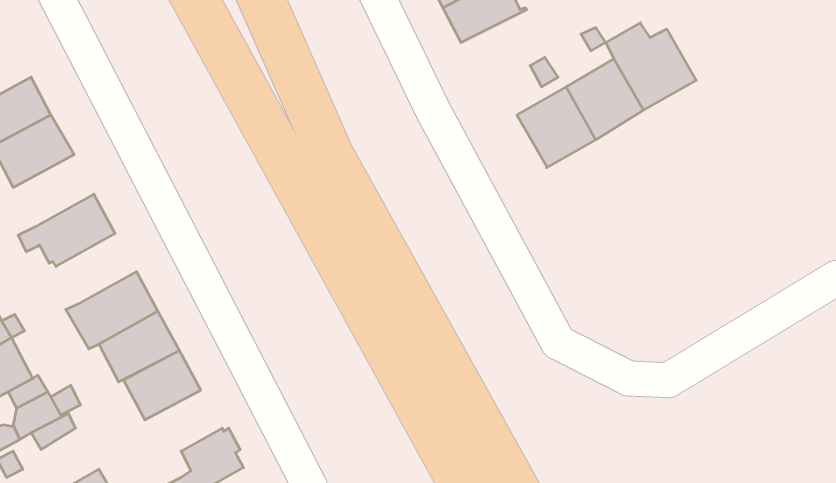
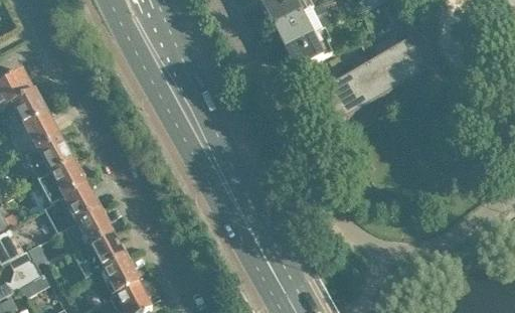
building: none -> [284,22,331,65]
building: none -> [10,111,59,155]
building: none -> [36,159,85,202]
building: none -> [91,255,138,297]

